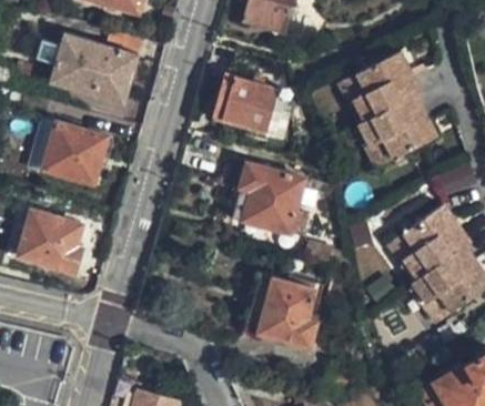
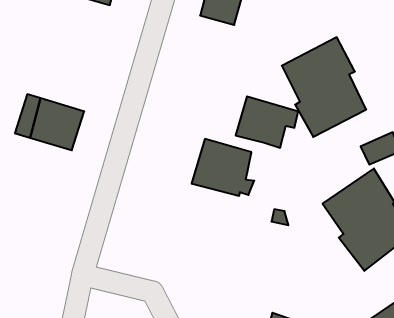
building: [48,29,138,94] -> none
building: [214,78,287,138] -> [236,96,298,148]
building: [17,206,83,270] -> none
building: [260,281,319,348] -> none

